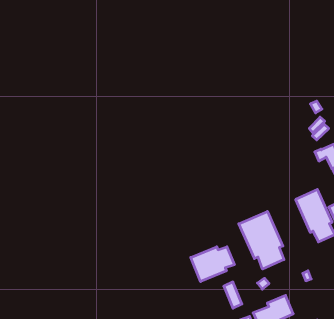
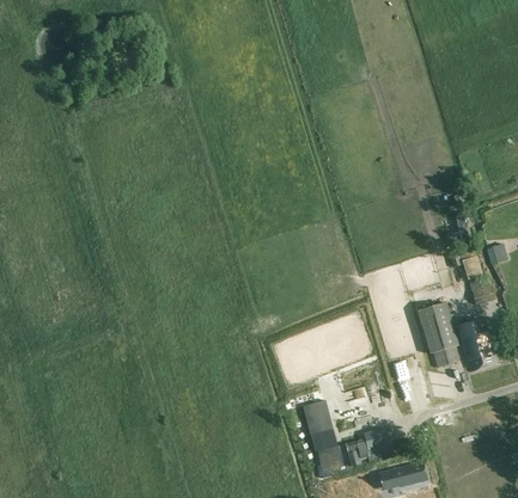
building: [239,211,284,269] -> none
building: [191,247,234,282] -> none

